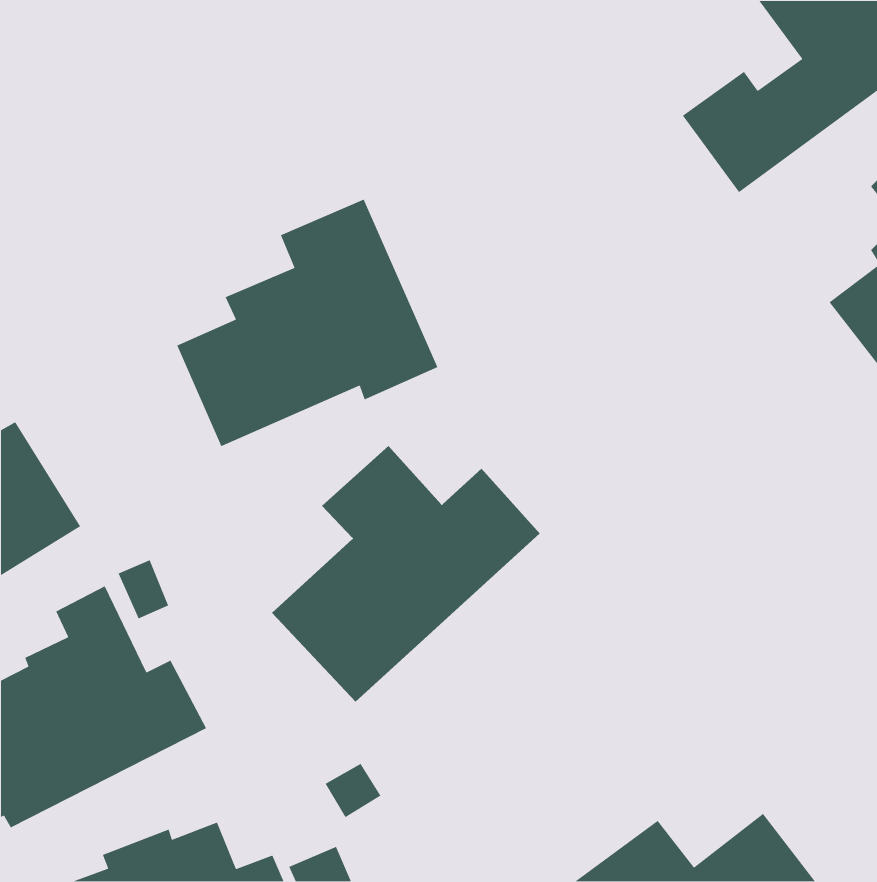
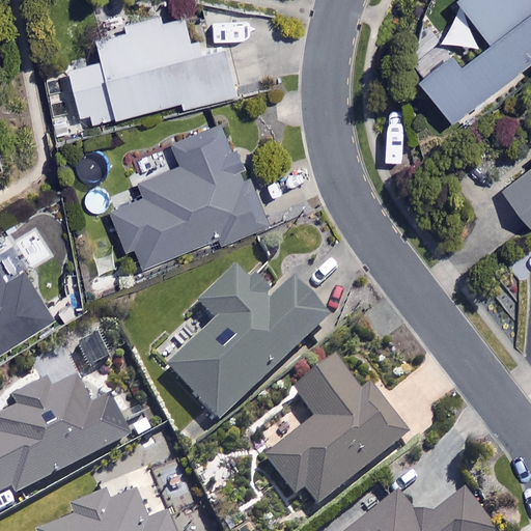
building: none -> [66,7,239,121]
building: none -> [263,360,407,507]

